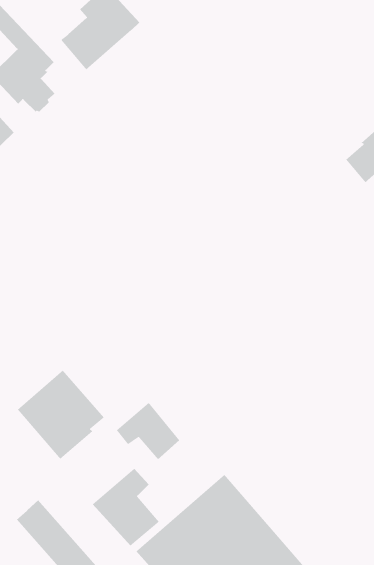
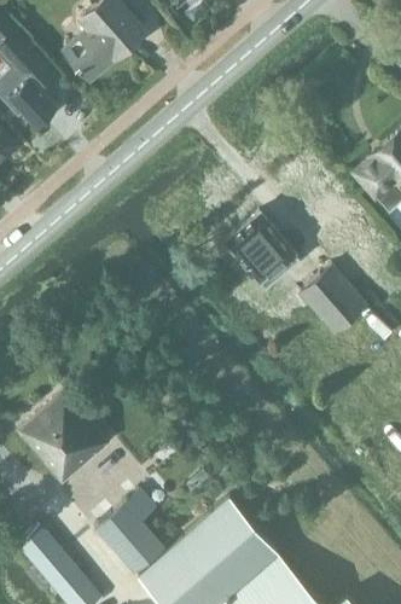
building: none -> [223,213,302,292]
building: none -> [298,265,367,336]
building: [116,402,180,460] -> none

